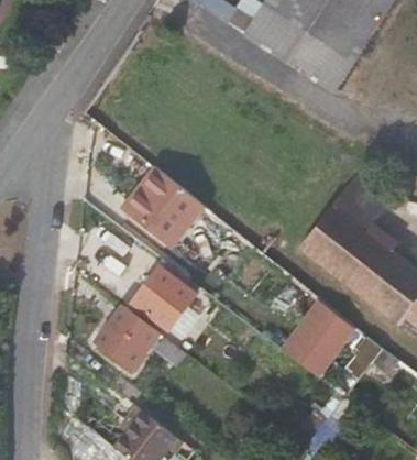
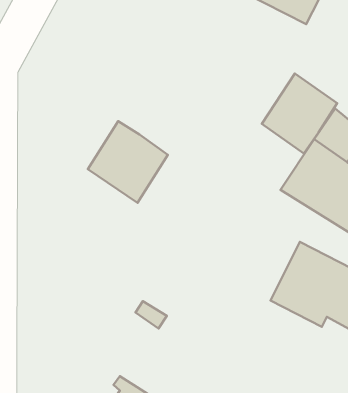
building: none -> [262,73,337,154]
building: [131,263,196,318] -> none
building: [95,307,155,370] -> none

